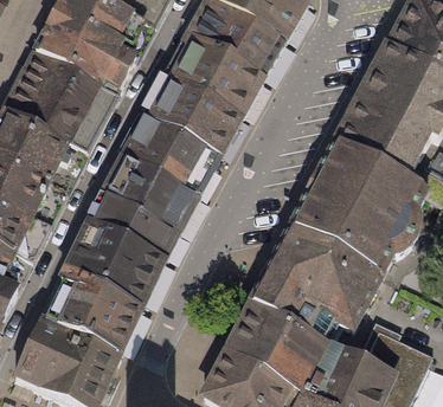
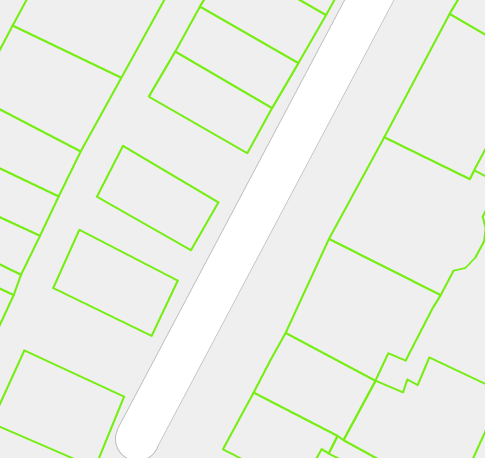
building: [120,109,222,195] -> none
building: [84,190,175,259] -> none
building: [39,265,143,354] -> none

